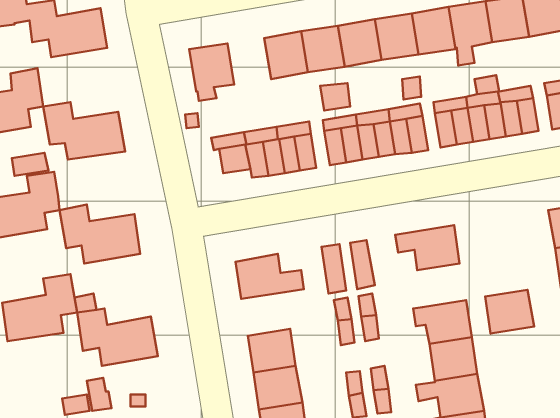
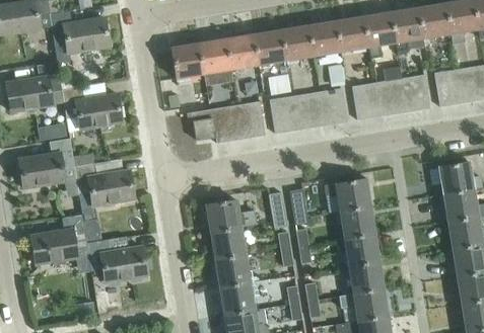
building: none -> [199,38,231,73]
building: [485,290,534,333] -> [340,205,376,238]
building: none -> [209,227,246,259]

